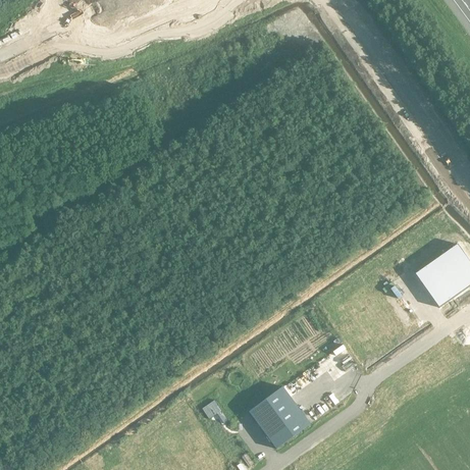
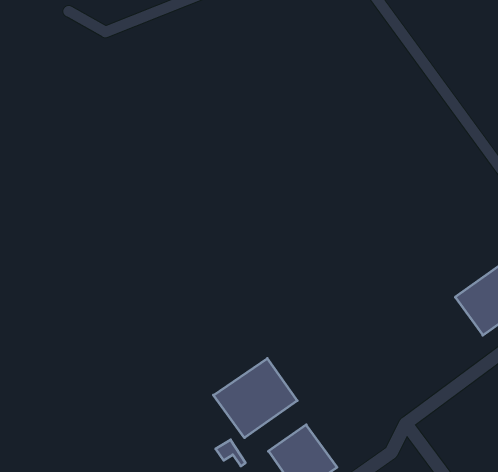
building: none -> [213,358,297,438]

